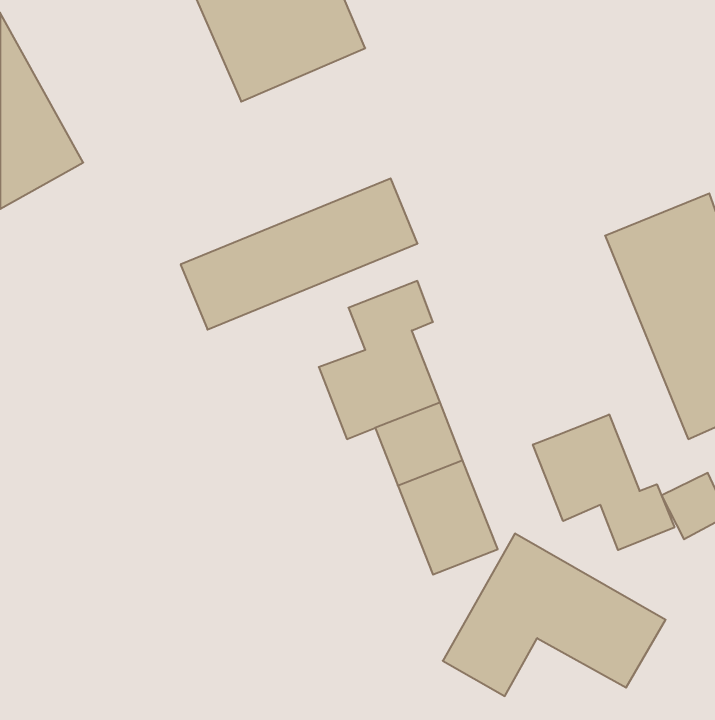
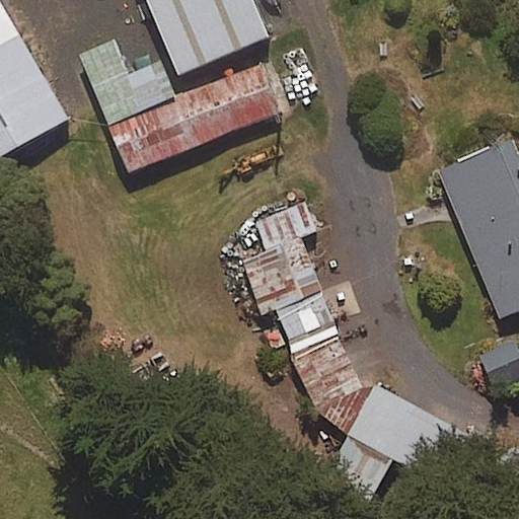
building: none -> [79,39,172,121]
building: [181,178,418,330] -> [108,64,279,172]
building: [533,414,674,550] -> none

